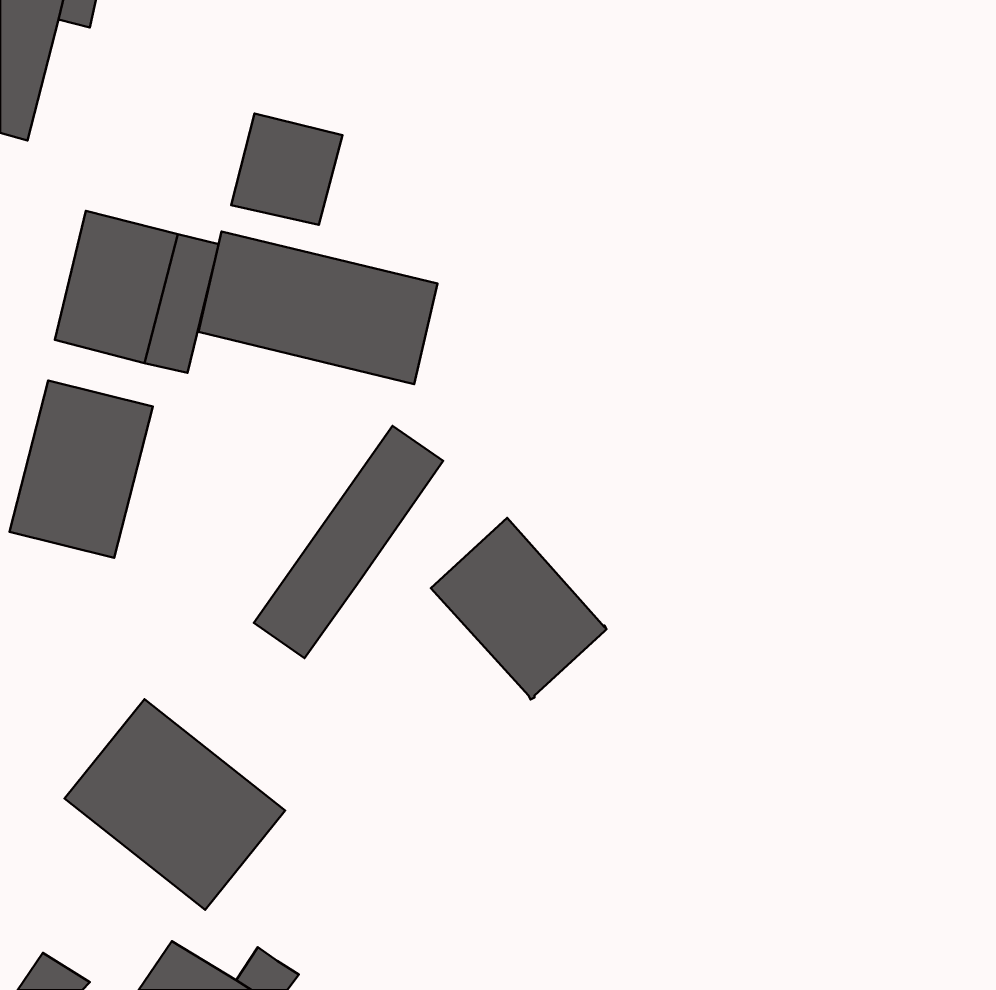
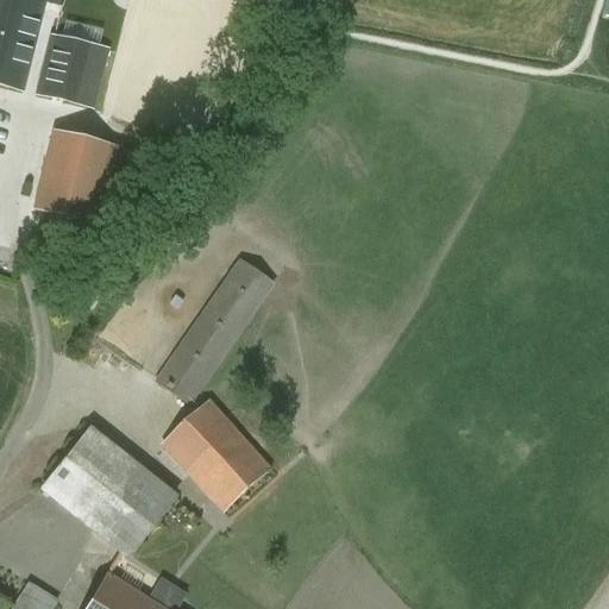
building: [231,114,342,225] -> [39,36,107,103]
building: [198,231,437,384] -> none
building: [9,381,153,558] -> none
building: [431,518,607,700] -> [162,398,269,509]

